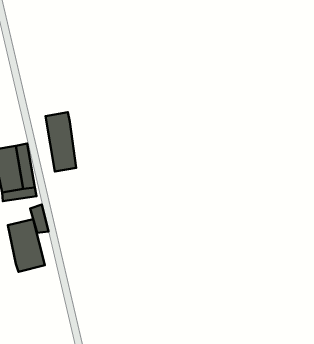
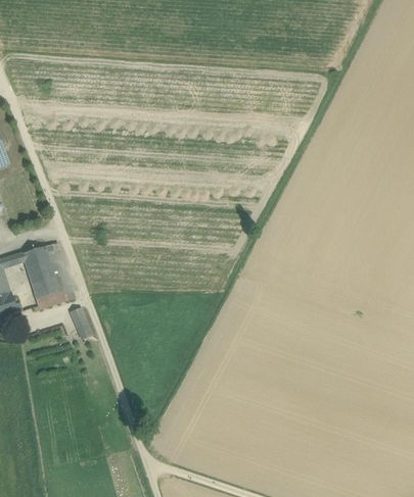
building: [45,112,76,171] -> none
building: [8,219,45,272] -> none

